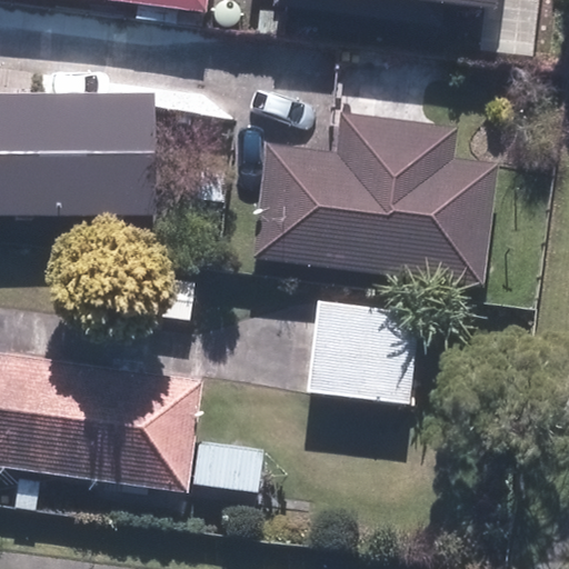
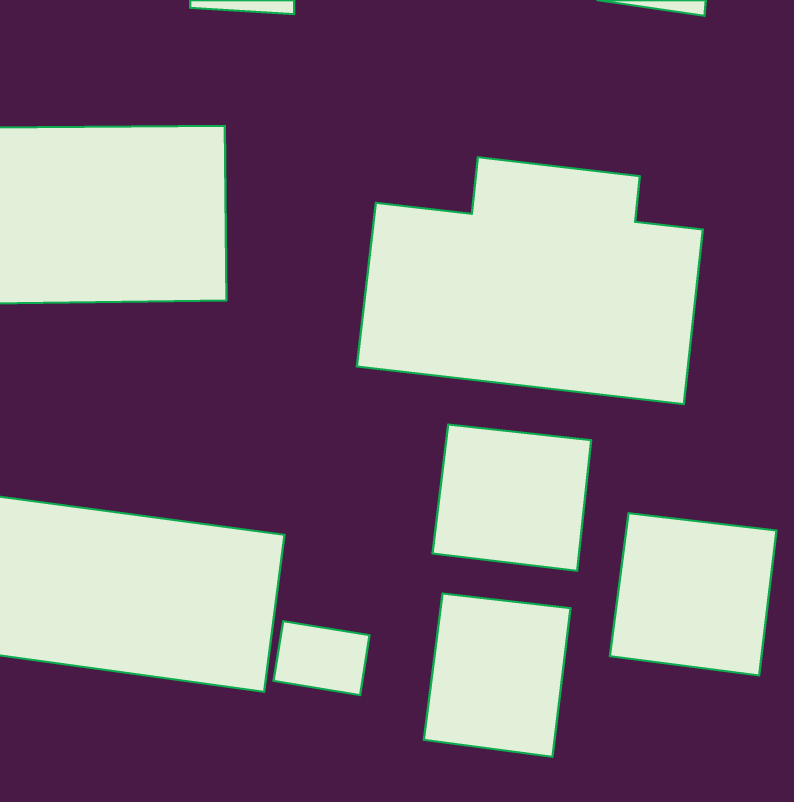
building: none -> [610,513,776,676]
building: none -> [424,593,570,757]

